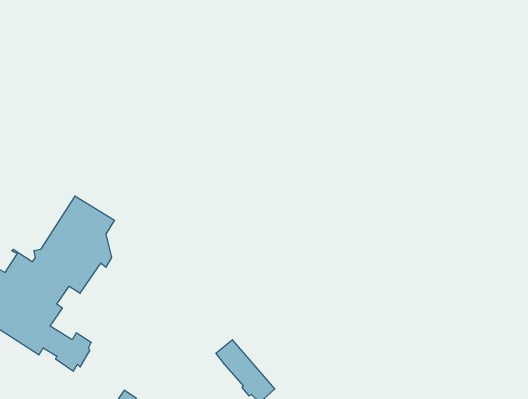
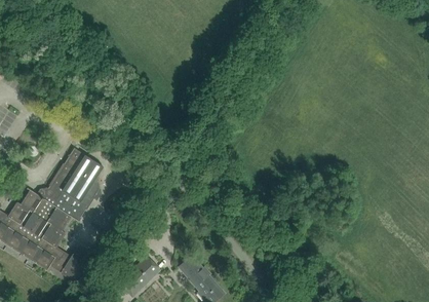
building: none -> [119,256,159,292]

